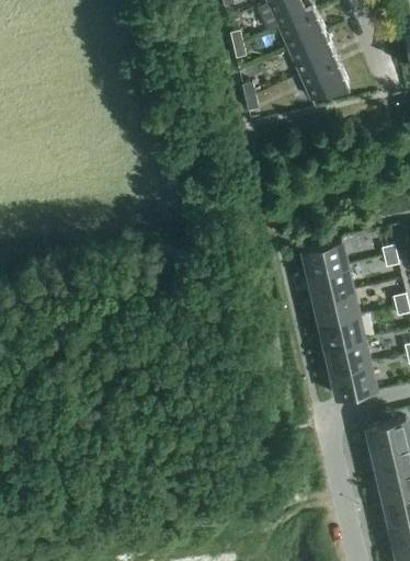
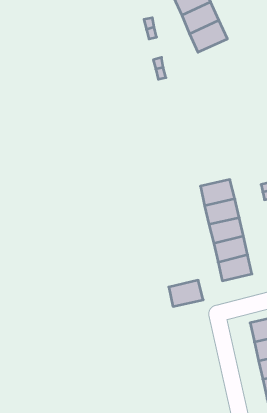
building: [299,59,349,102] -> none
building: [331,365,376,399] -> [169,280,203,306]

